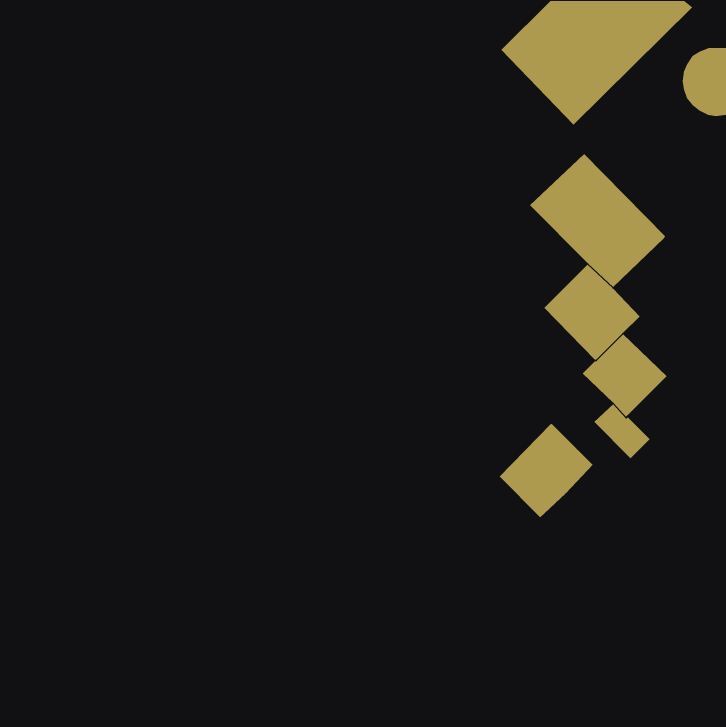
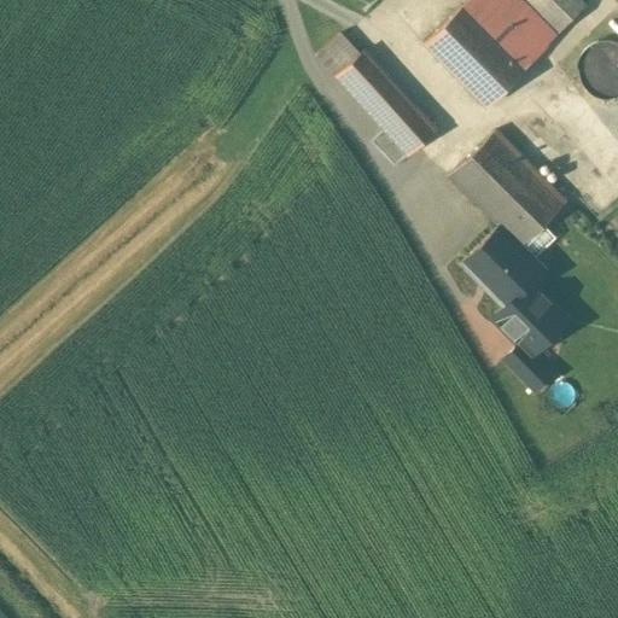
building: none -> [319,34,437,156]
building: [499,423,594,518] -> none

